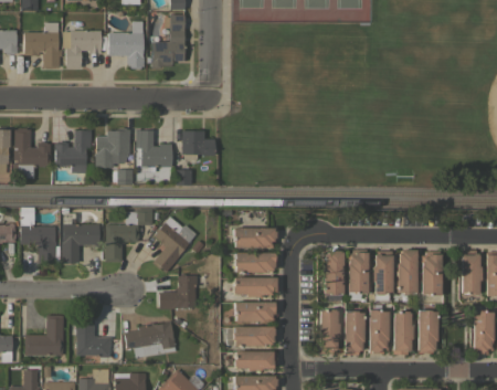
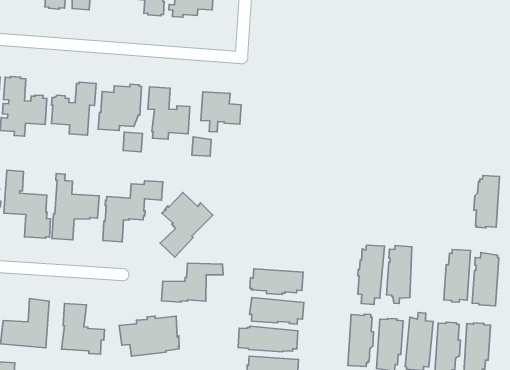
building: [233,228,276,247] -> none
building: [372,251,392,295] -> [474,175,500,228]
building: [233,253,278,273] -> none

